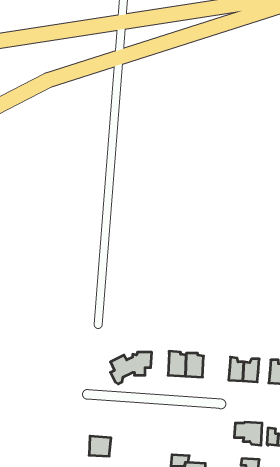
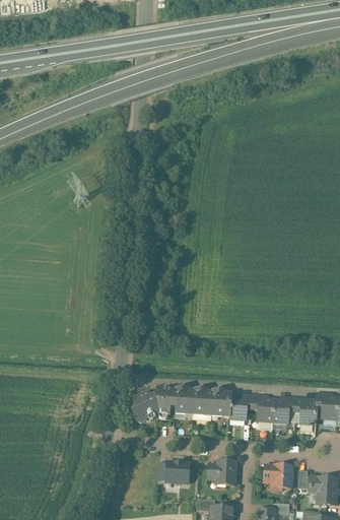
building: none -> [175,388,194,414]
building: none -> [229,394,247,419]
building: none -> [207,461,235,484]
building: [89,436,111,456] -> [165,462,189,483]

